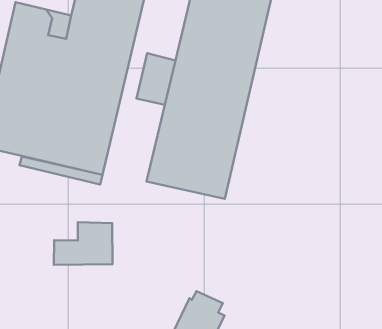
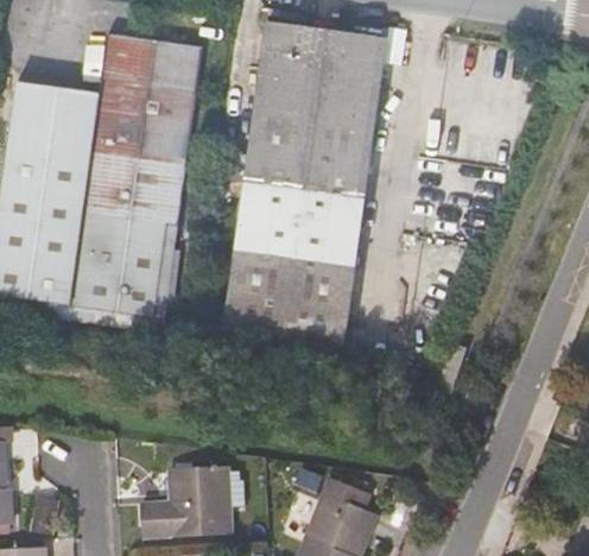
building: [54,222,112,265] -> [127,465,214,531]

